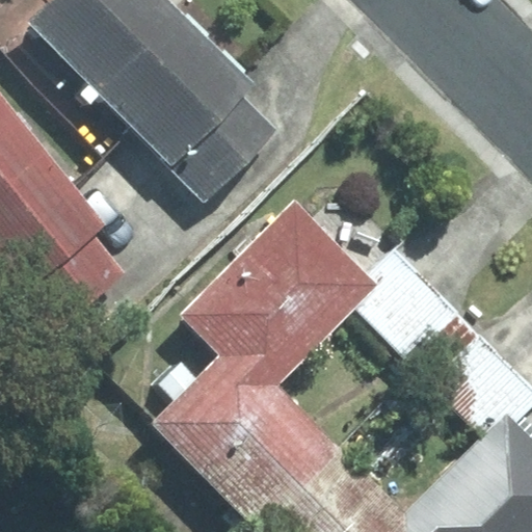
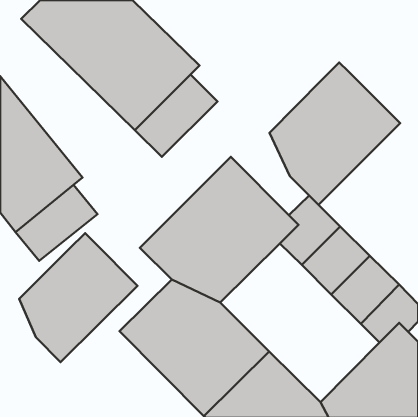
building: none -> [269,62,400,205]
building: none -> [19,233,137,362]

